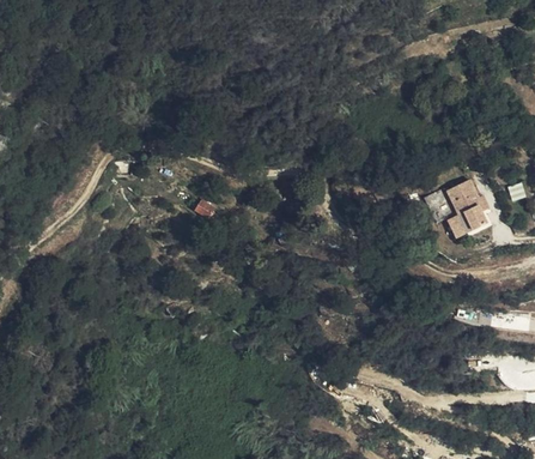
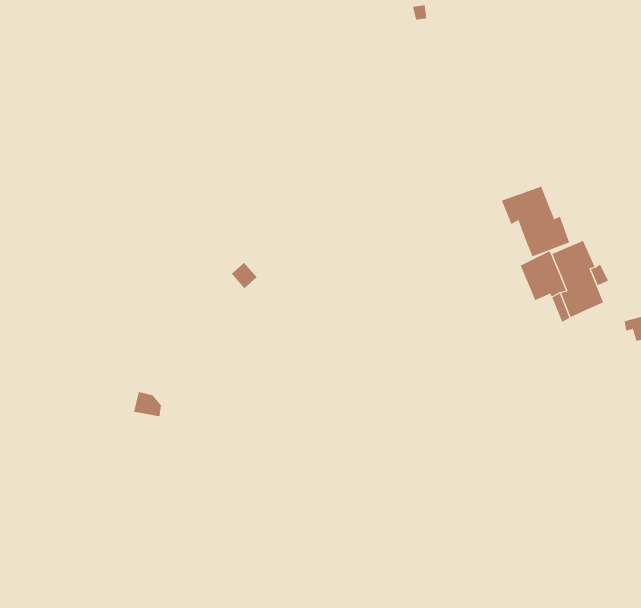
building: none -> [501,186,570,257]

